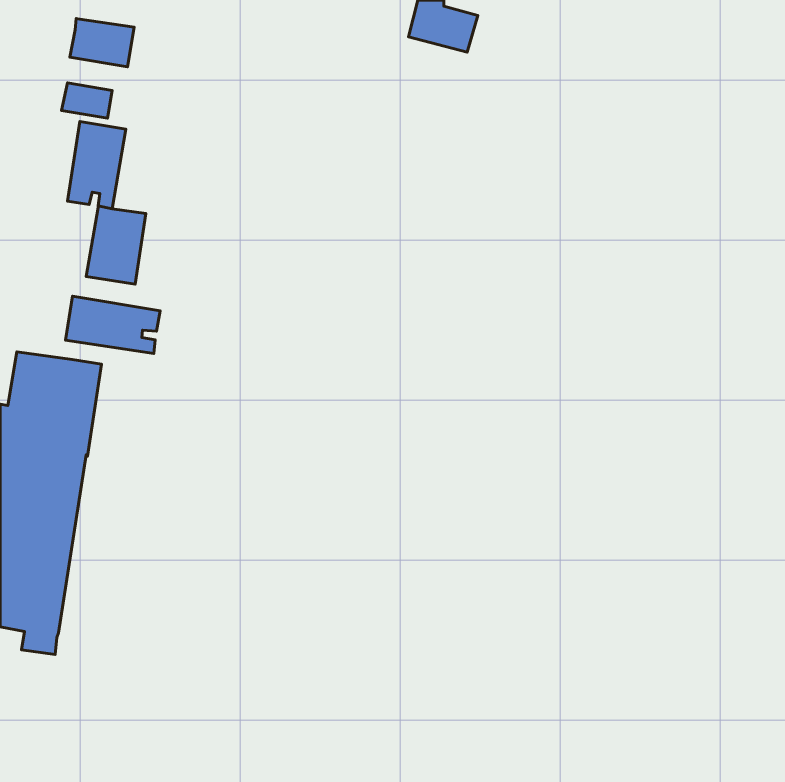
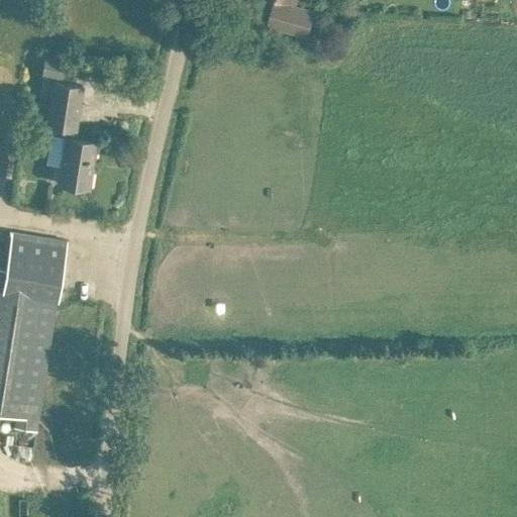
building: [70,18,134,67] -> none
building: [66,296,160,353] -> none

